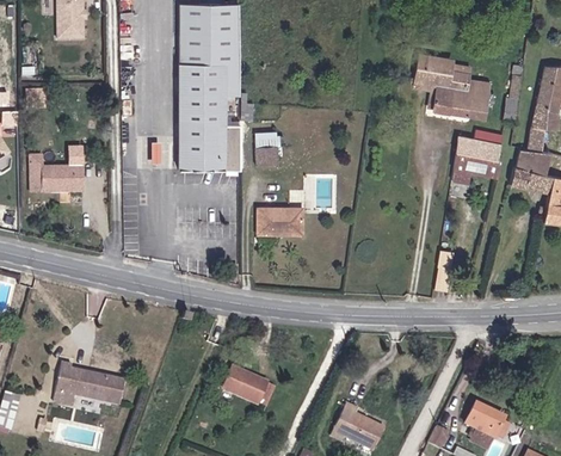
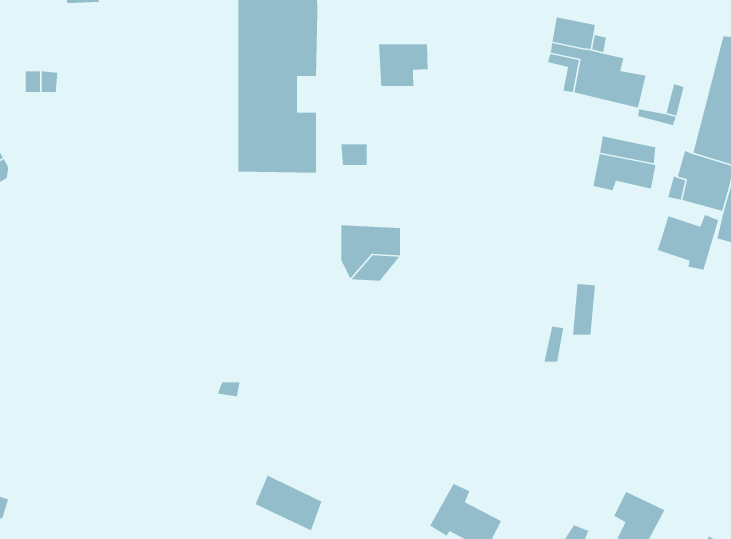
building: none -> [378,44,428,87]
building: [30,164,80,191] -> none
building: none -> [657,214,719,271]
building: [51,363,122,405] -> none
building: [226,366,277,409] -> [254,474,323,531]

